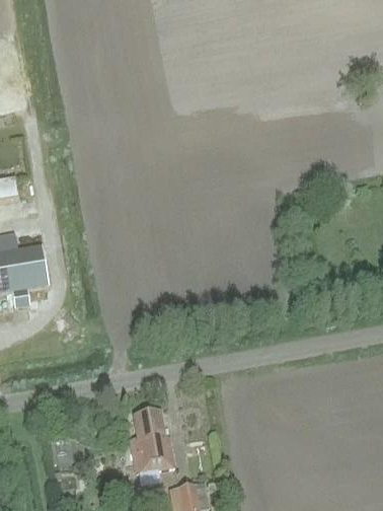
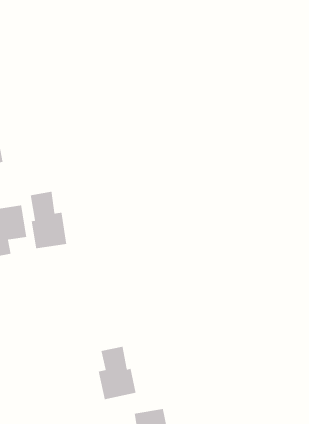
building: none -> [30,191,67,249]

